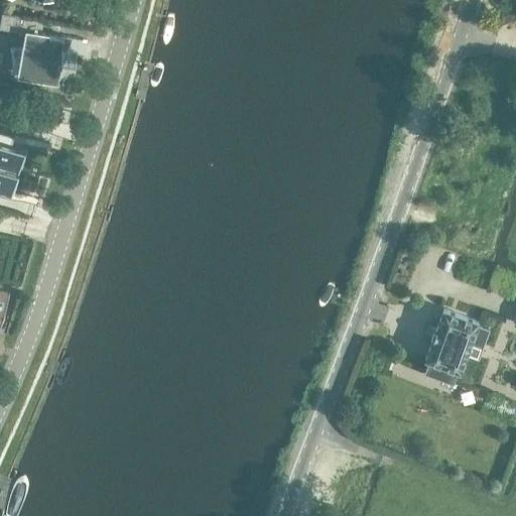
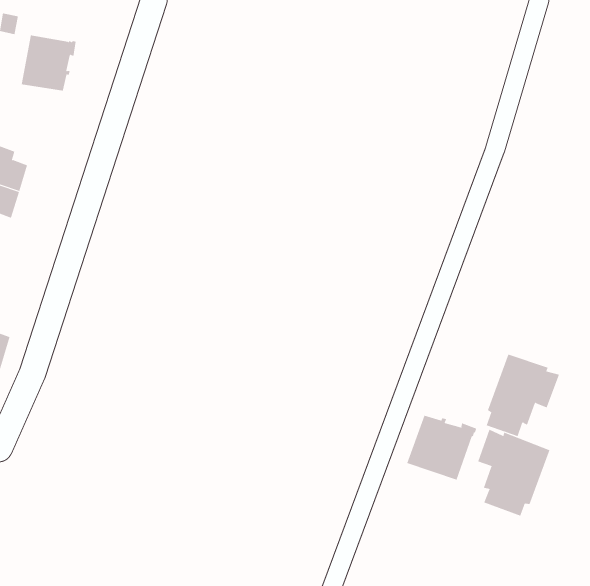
building: none -> [406,415,477,481]
building: none -> [477,429,550,517]

